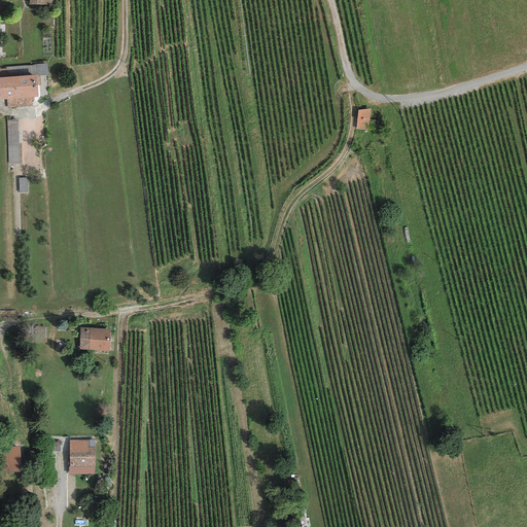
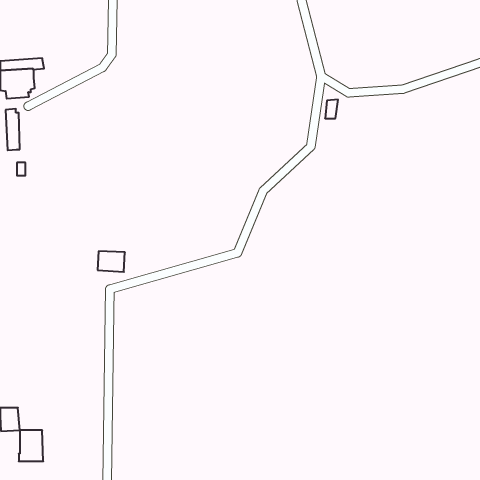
building: [79,328,109,351] -> [98,251,125,272]
building: [68,441,95,475] -> [19,430,43,461]

